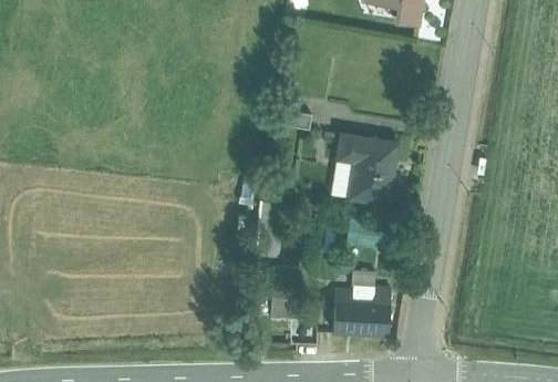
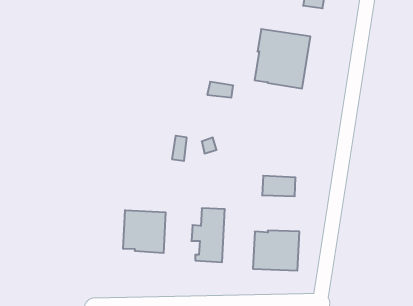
building: [331,134,397,205] -> [255,29,310,89]
building: none -> [123,210,166,253]

